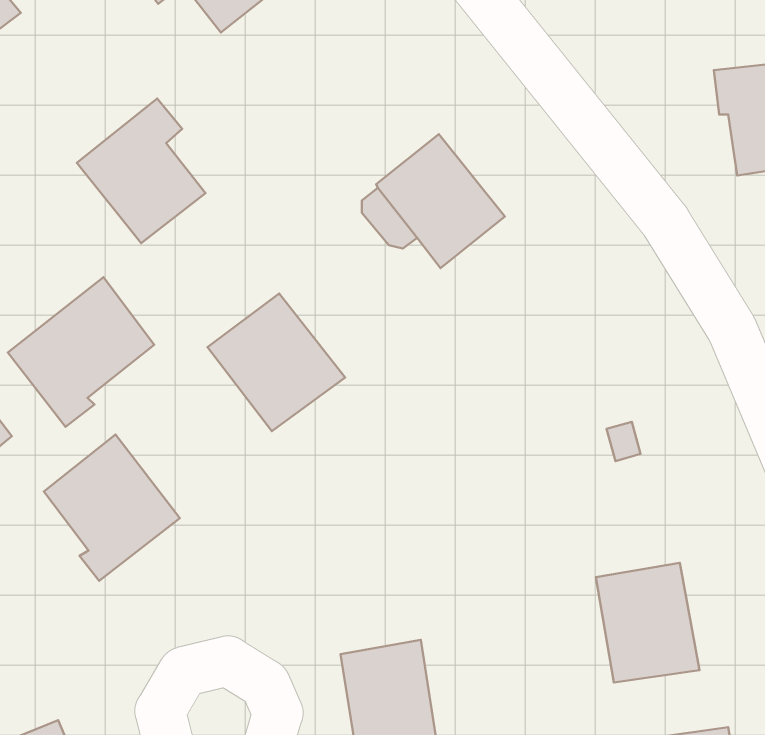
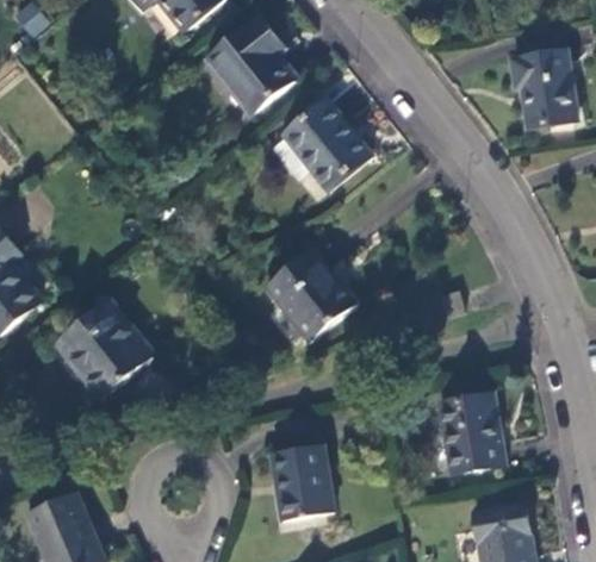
building: [77,98,206,243] -> [209,19,294,115]
building: [8,277,154,427] -> none
building: [208,294,345,431] -> [267,250,359,342]

